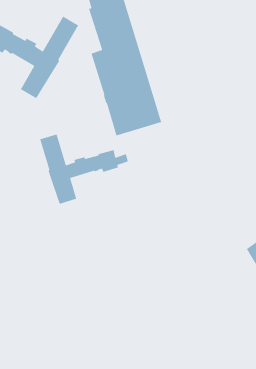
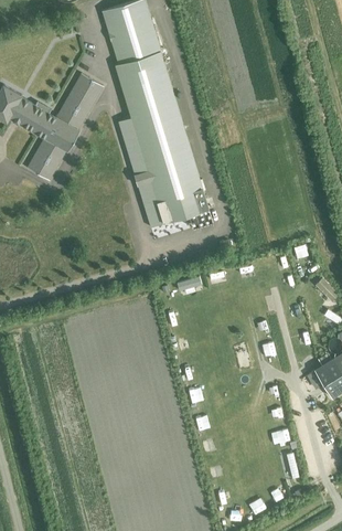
building: [39,133,129,205] -> none

